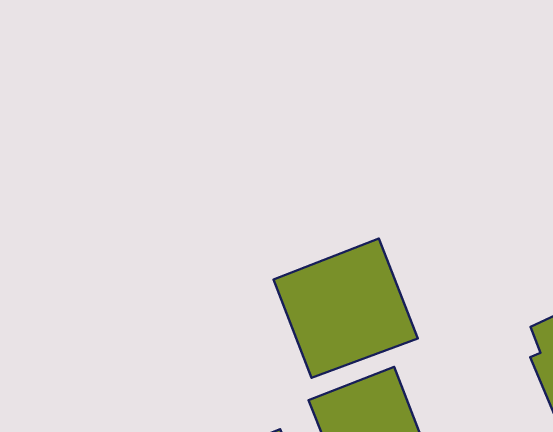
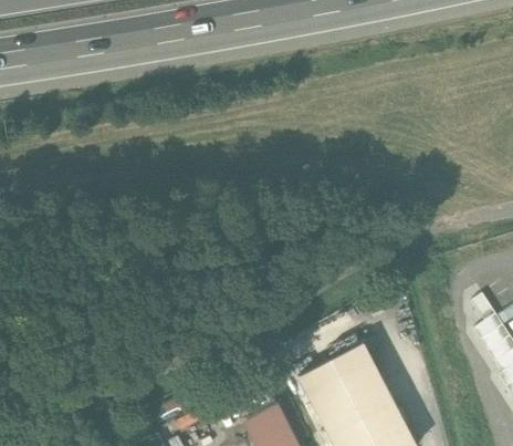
building: [274,239,418,378] -> none

